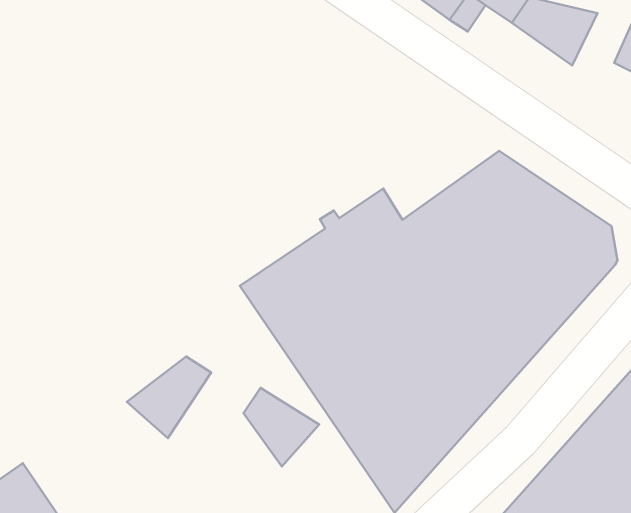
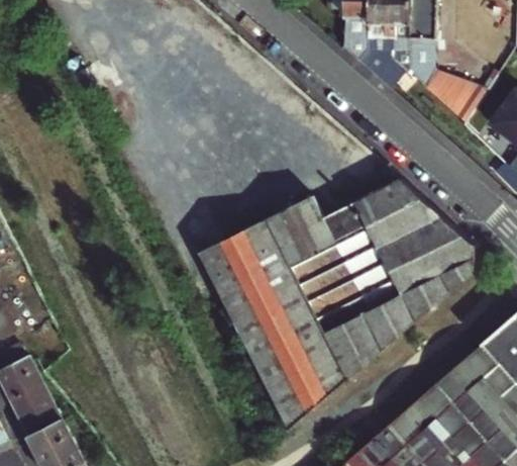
building: [127,356,211,438] -> none
building: [243,388,319,467] -> none

